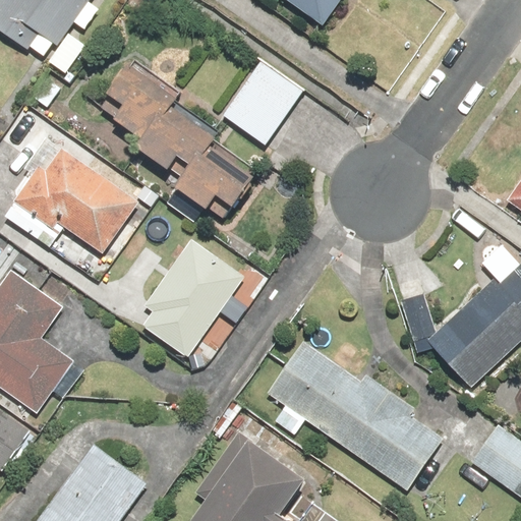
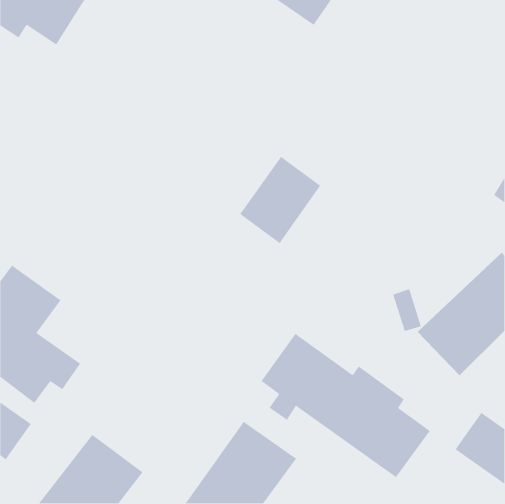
building: [223,56,307,147] -> [239,156,321,244]
building: [105,63,253,211] -> none
building: [4,144,137,252] -> none
building: [141,240,244,357] -> none

